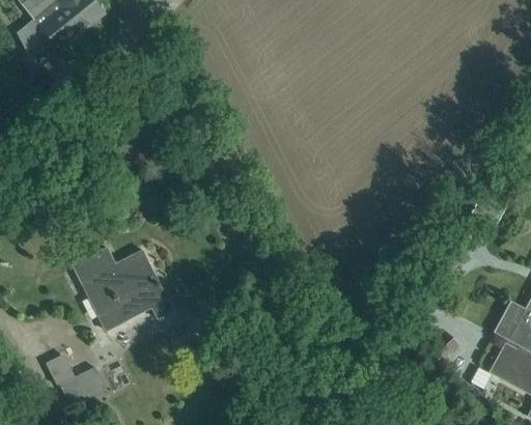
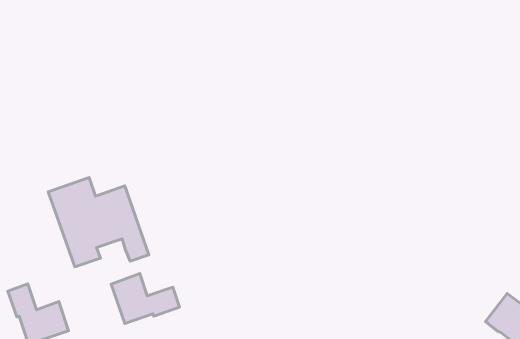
building: none -> [111,273,179,324]

